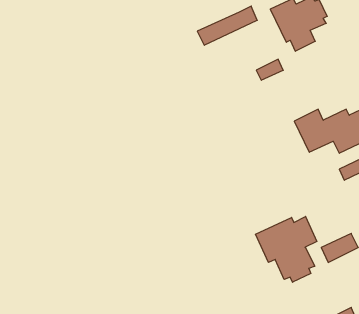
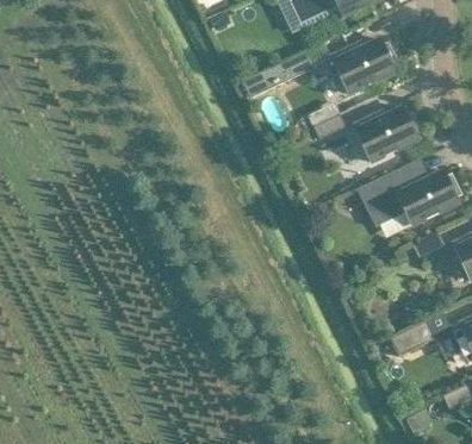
building: none -> [353,107,421,162]
building: [255,216,317,282] -> none

